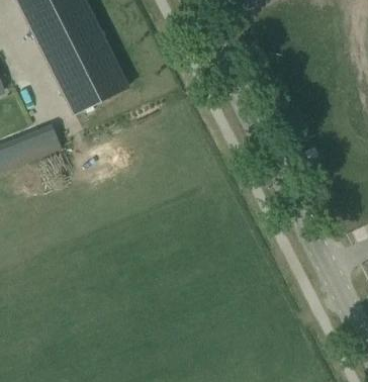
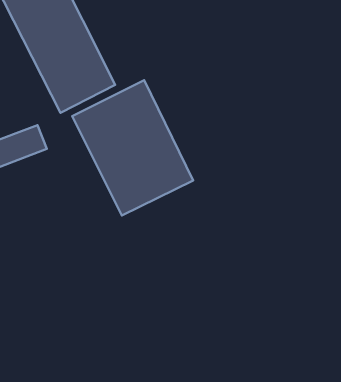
building: none -> [72,80,193,216]

